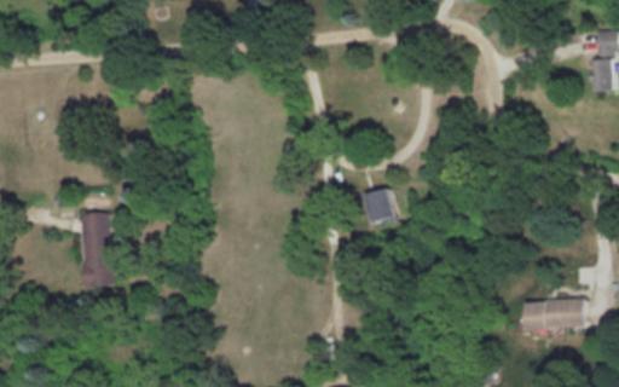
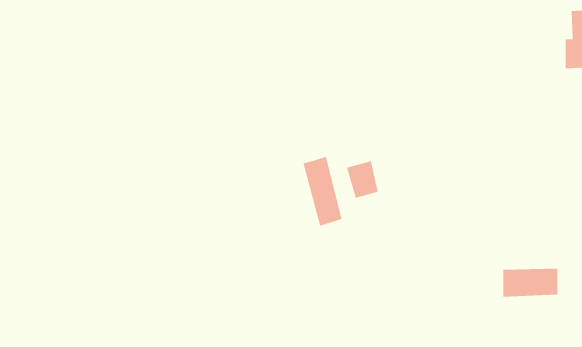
building: none -> [303,156,342,226]
building: [81,212,112,285] -> none

